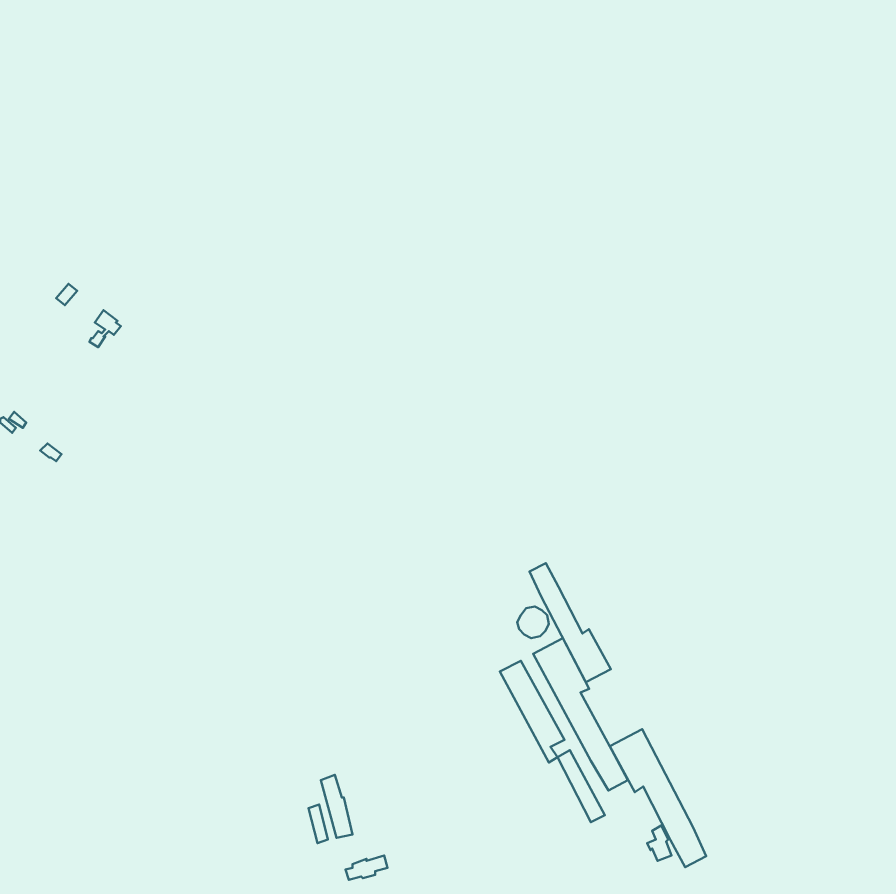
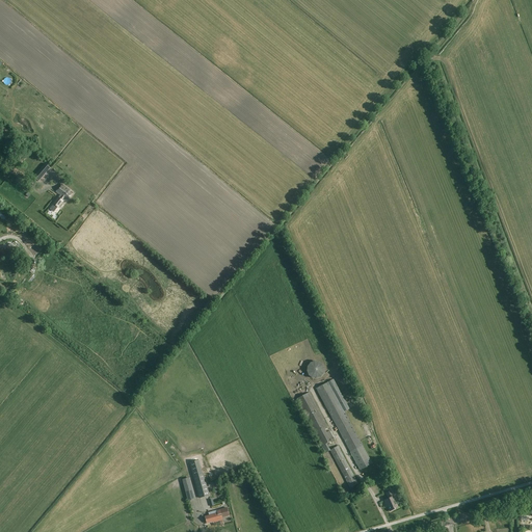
building: [530,563,611,682] -> none
building: [610,729,706,867] -> none

